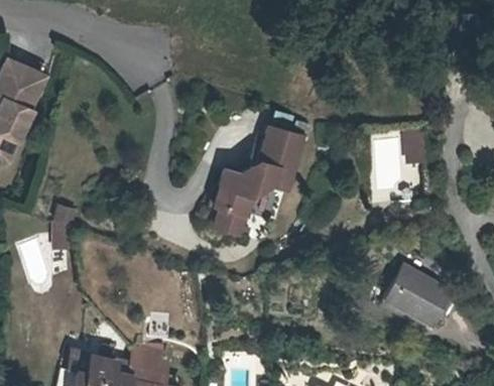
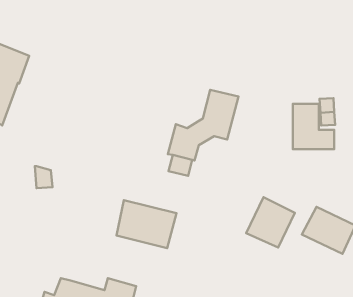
building: none -> [246,197,295,247]
building: none -> [116,200,176,248]

